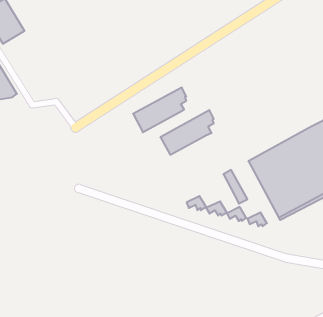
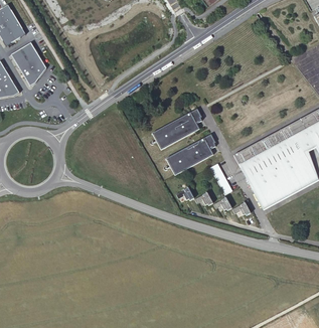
building: none -> [10,41,45,86]
building: [133,88,186,132] -> [165,133,214,174]

